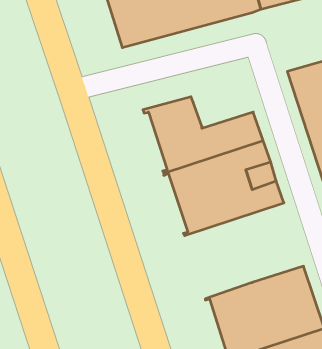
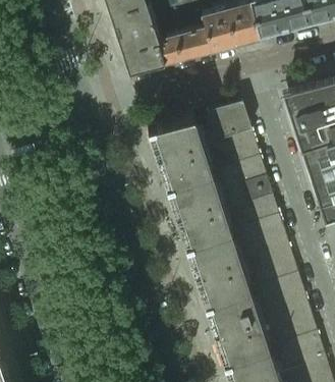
building: none -> [194,110,250,149]
building: none -> [186,218,297,308]

